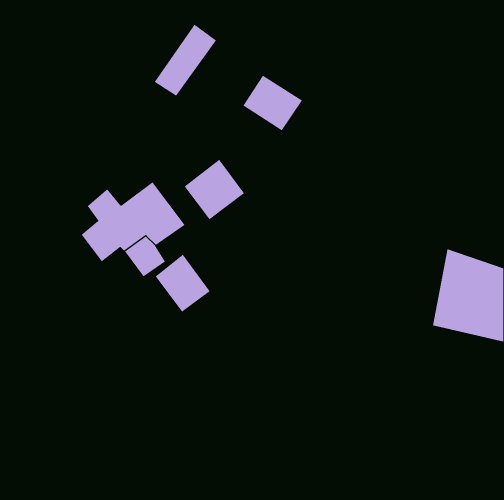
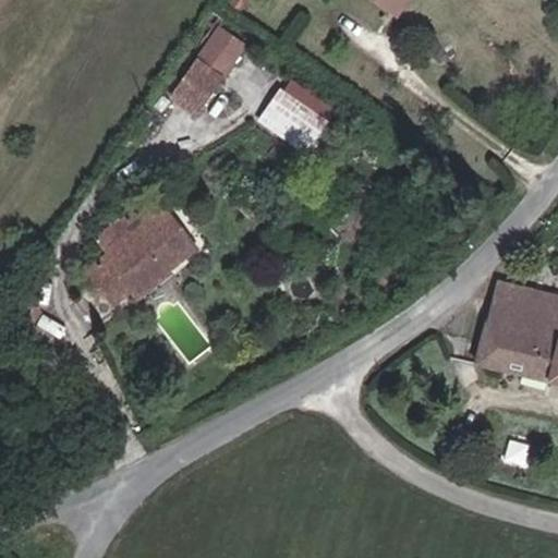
building: [184,159,245,220] -> none
building: [155,254,210,313] -> none

